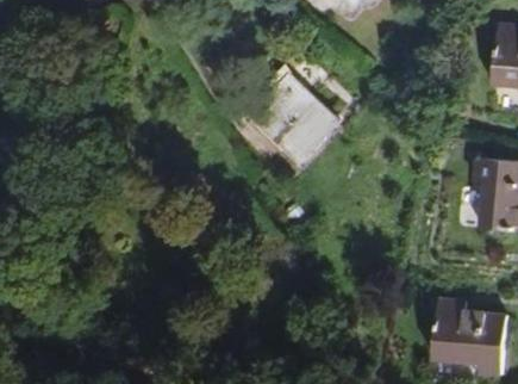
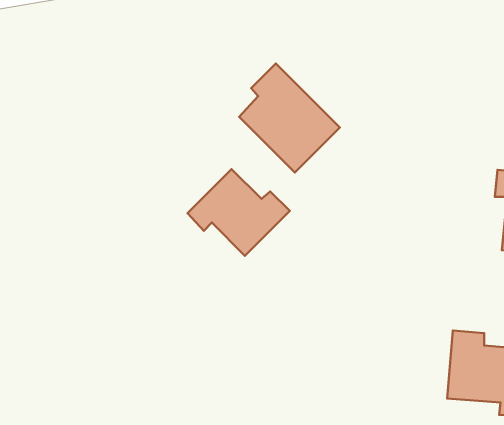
building: none -> [188,169,290,256]

